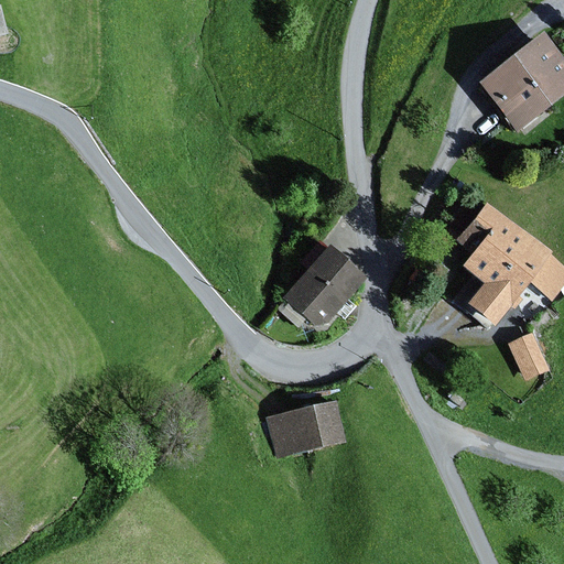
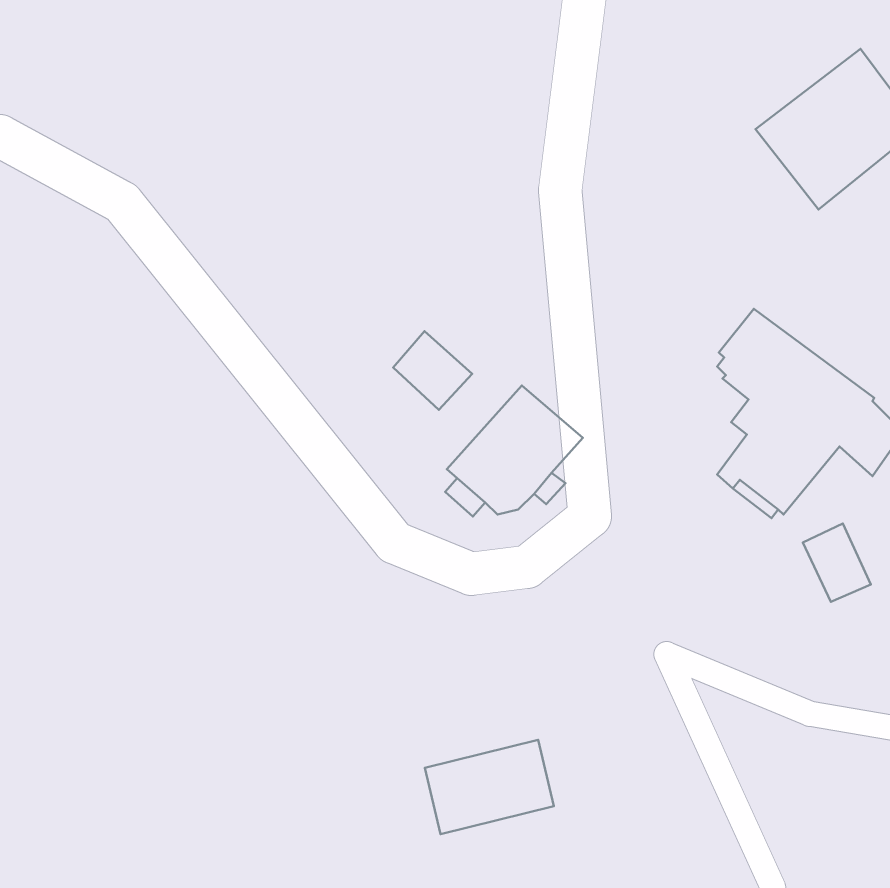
building: none -> [393,331,472,410]
building: [267,399,348,458] -> [425,740,554,834]

